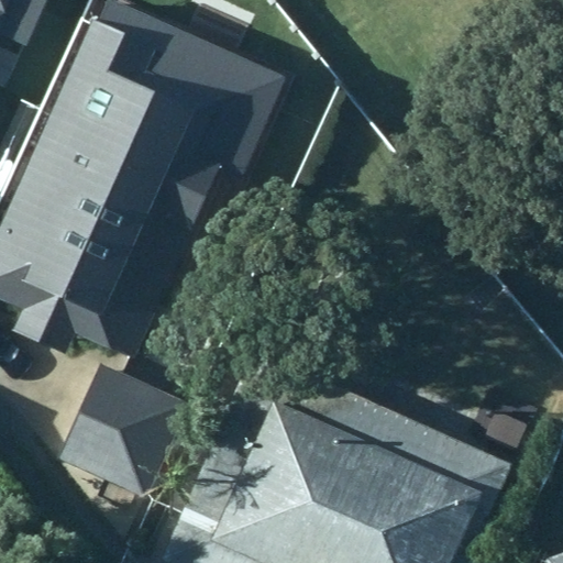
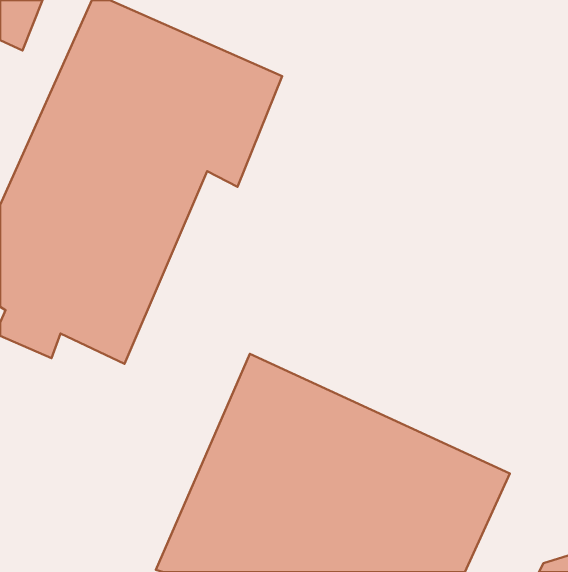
building: [52,358,185,499] -> none

